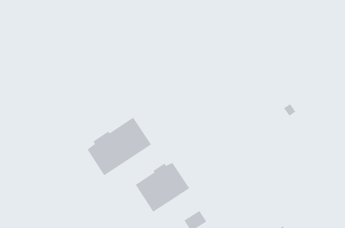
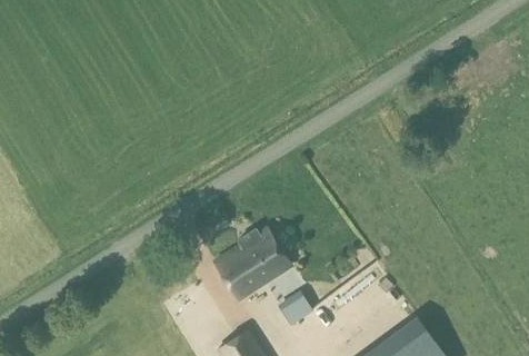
building: [87,117,152,176] -> none

